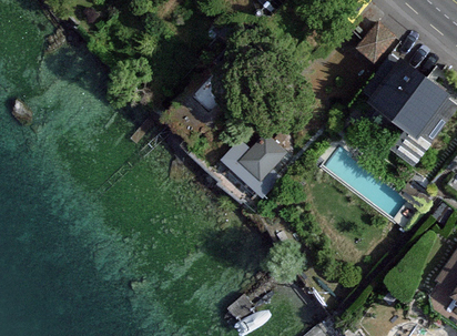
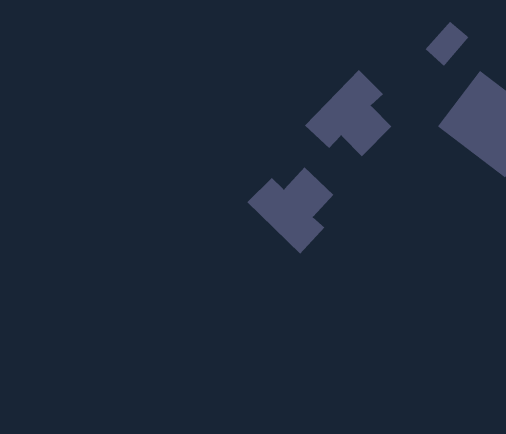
building: none -> [304,69,392,157]

